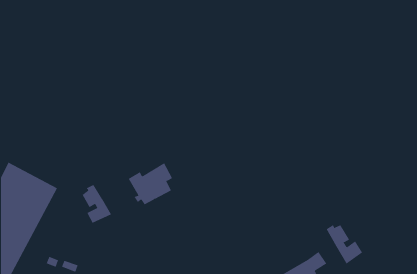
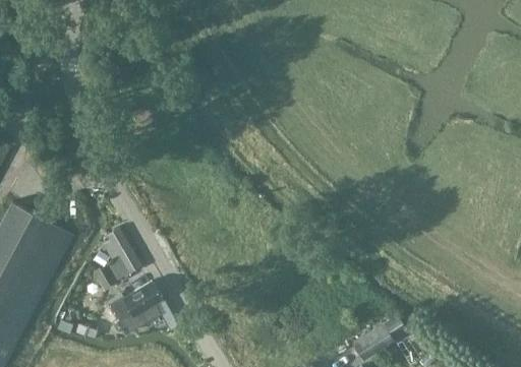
building: [128,163,173,205] -> [106,282,162,334]
building: [326,224,363,265] -> none

